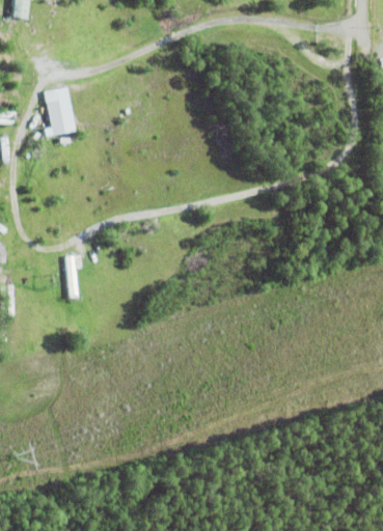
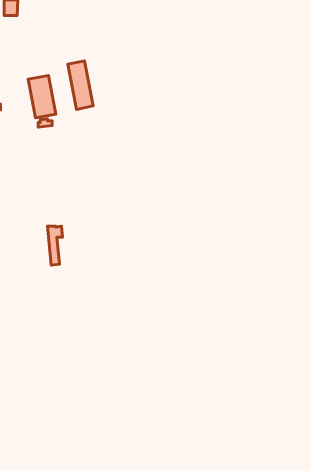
building: none -> [68,61,93,109]

